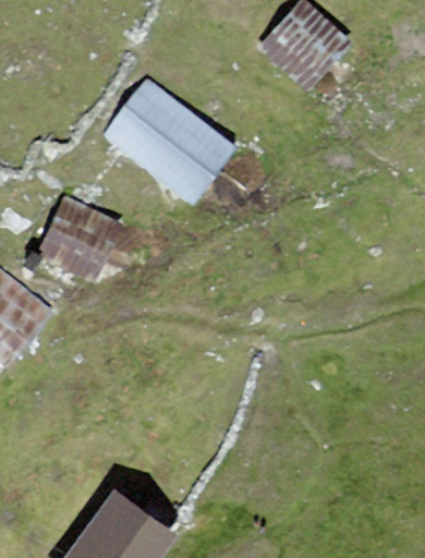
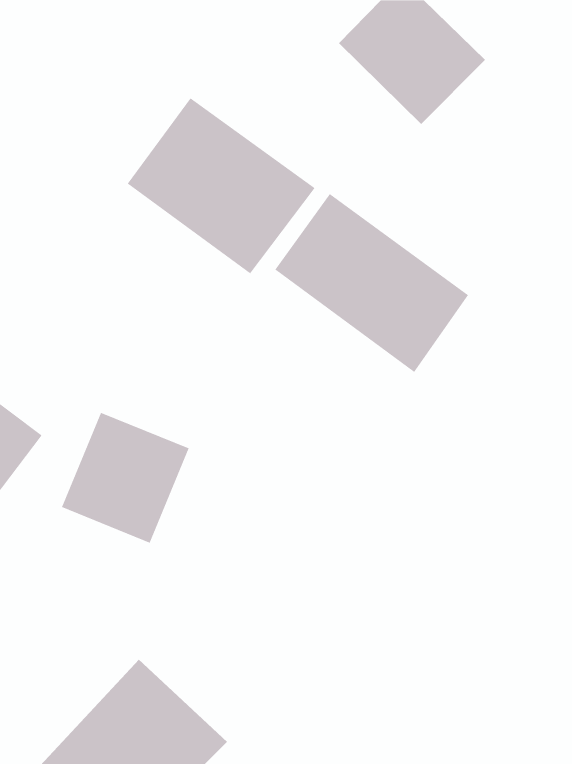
building: none -> [274,193,469,373]
building: [26,194,119,289] -> [61,412,190,543]

